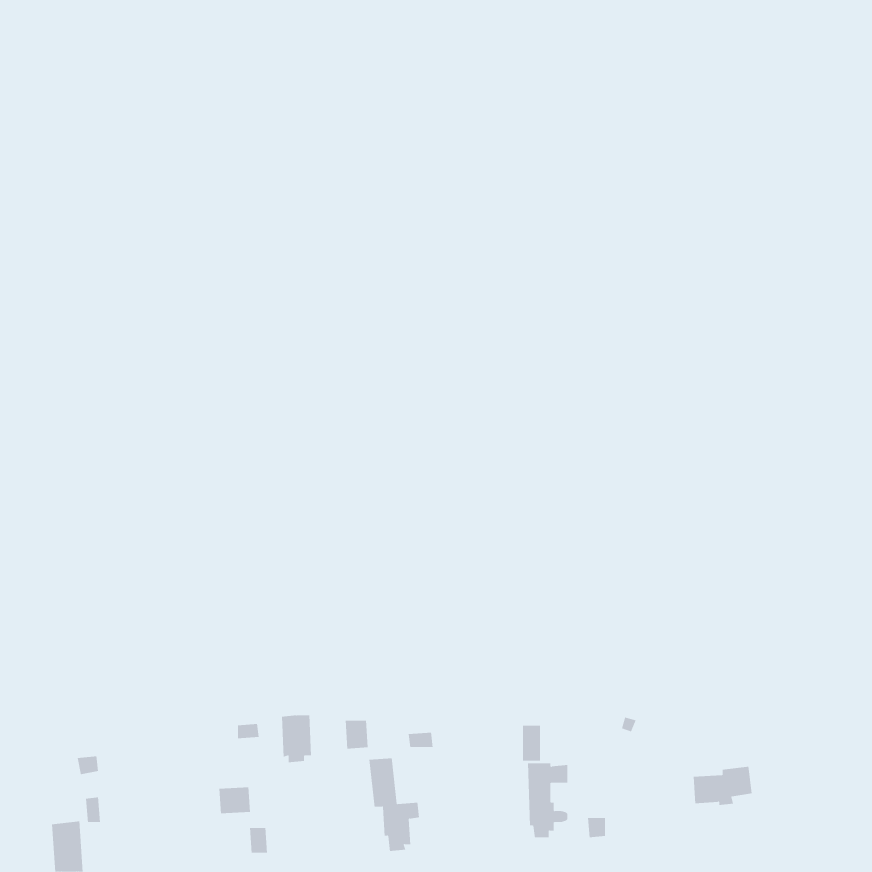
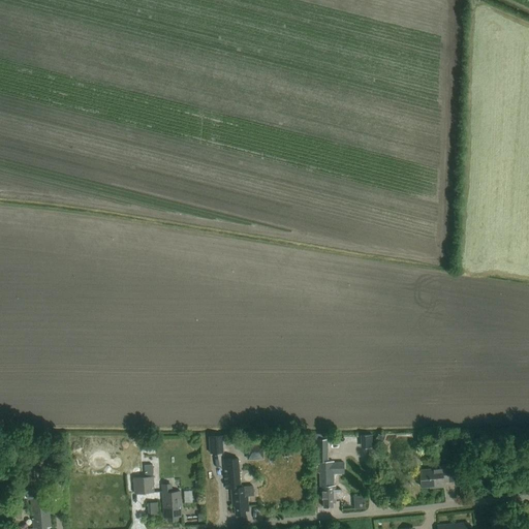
building: [281,715,312,763] -> [163,492,182,521]

